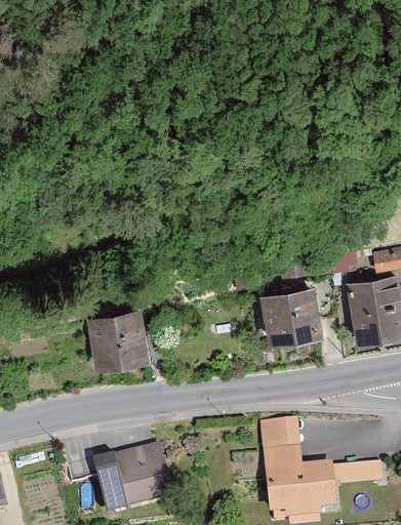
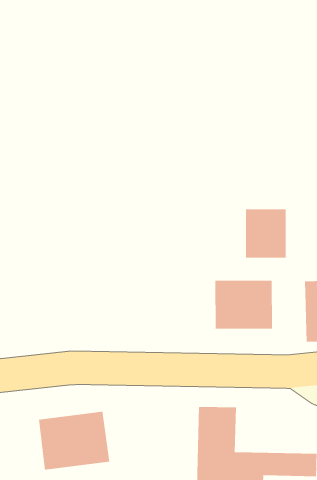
building: none -> [245,208,286,259]
building: [87,311,156,374] -> none

